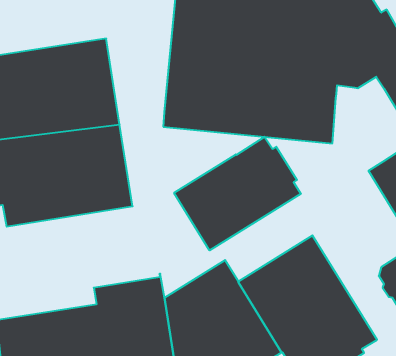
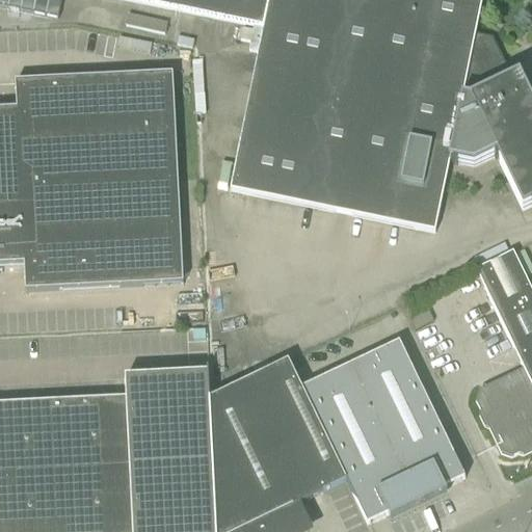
building: [174,137,301,250] -> none

